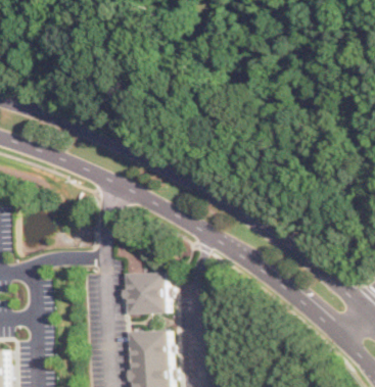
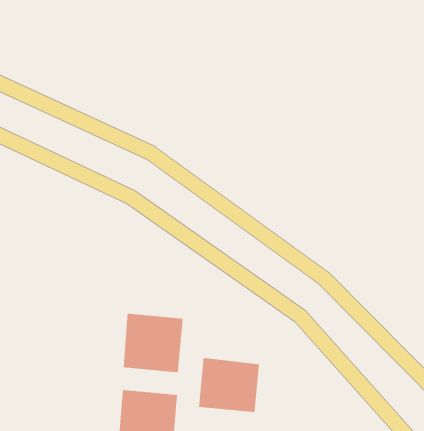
building: none -> [198,357,260,413]

